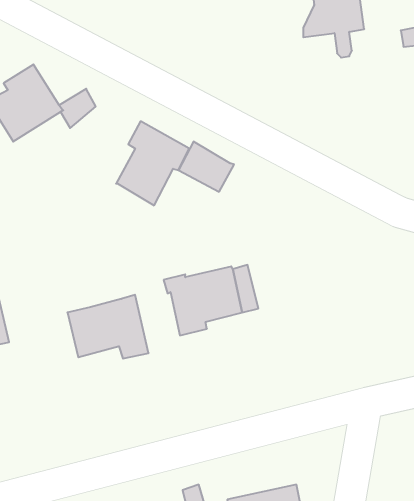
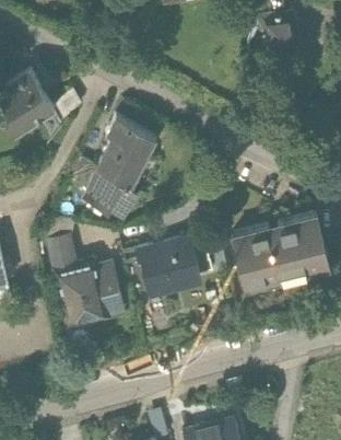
building: [178,142,234,192] -> [86,171,131,211]
building: none -> [233,218,328,289]
building: none -> [48,233,77,275]

